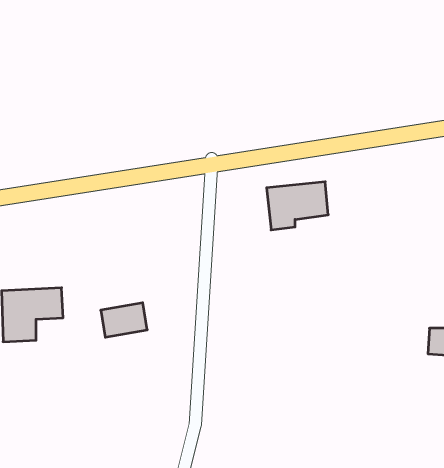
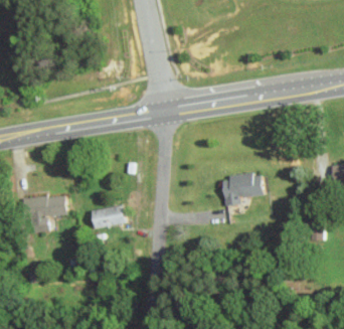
building: [267,182,328,230] -> [221,174,263,206]

